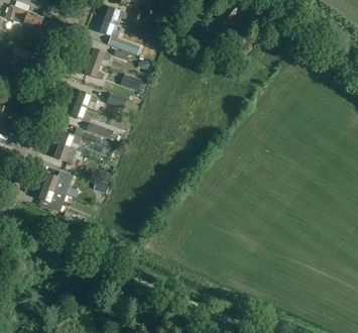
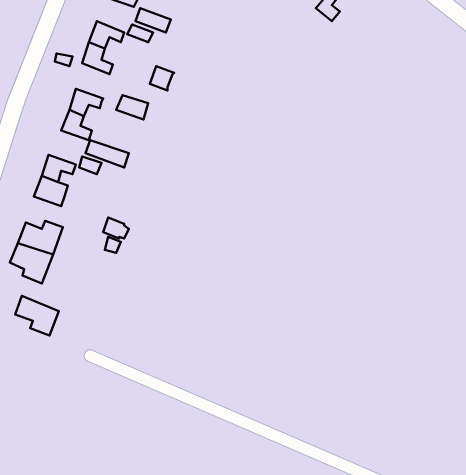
building: none -> [15,296,59,335]

